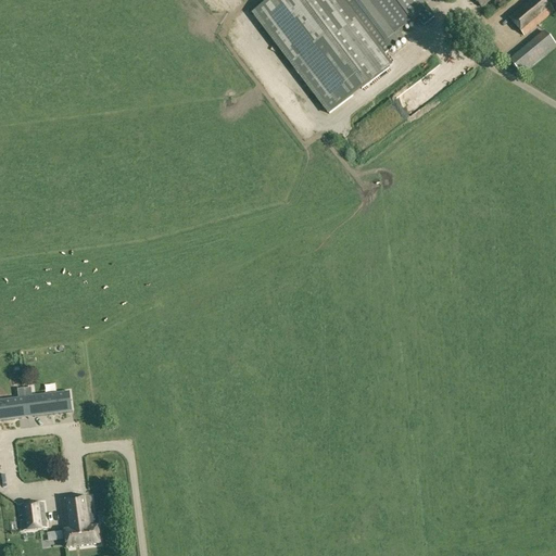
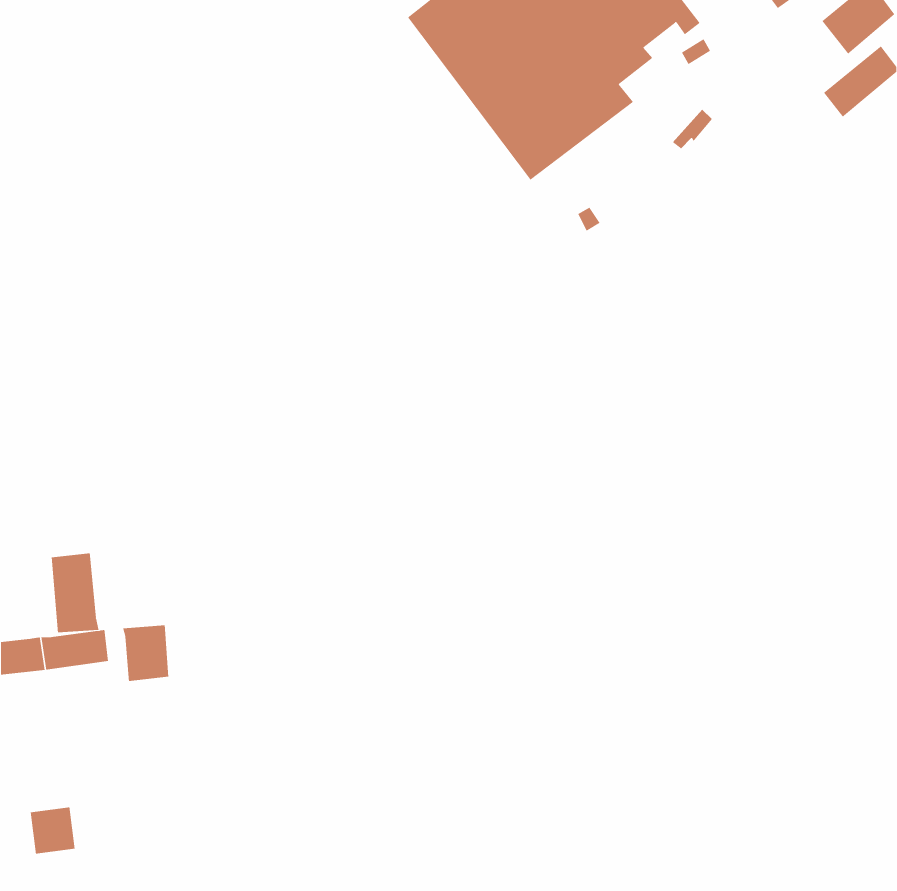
building: none -> [51,553,99,633]
building: none -> [122,624,169,682]
building: [62,494,100,545] -> none

